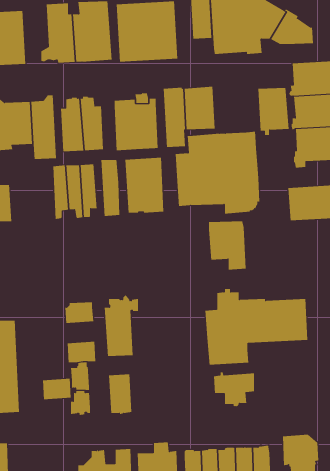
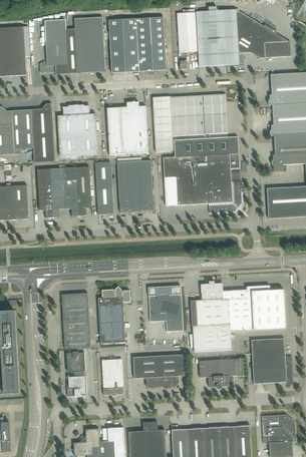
building: [258,87,289,136] -> [198,94,227,138]
building: none -> [36,168,52,217]
building: none -> [11,184,28,219]
building: [208,221,247,270] -> [147,286,183,331]
building: none -> [251,338,291,384]
building: none -> [132,354,184,387]
building: [42,378,72,400] -> [62,311,89,331]

